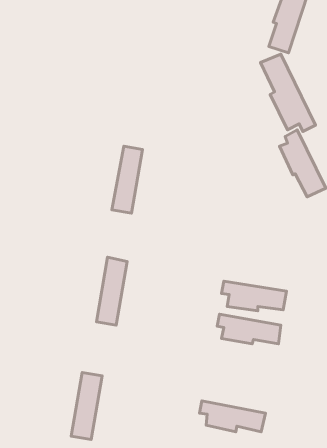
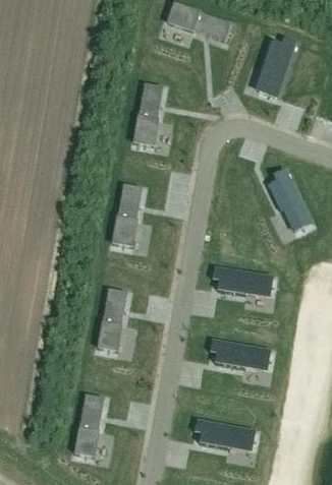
building: none -> [134,82,164,144]
building: [260,54,315,132] -> none
building: [222,281,286,311] -> [213,266,273,294]

